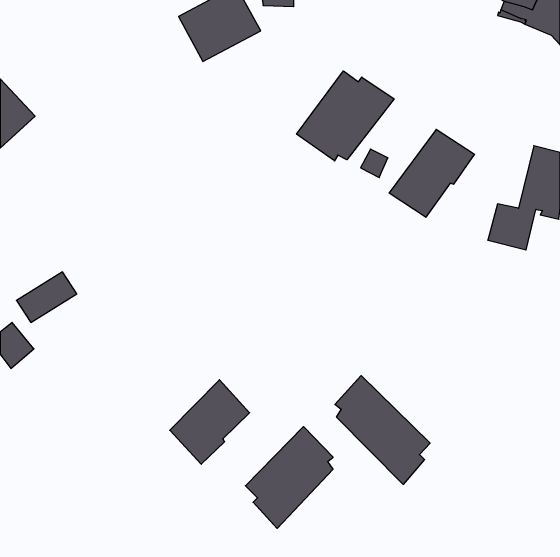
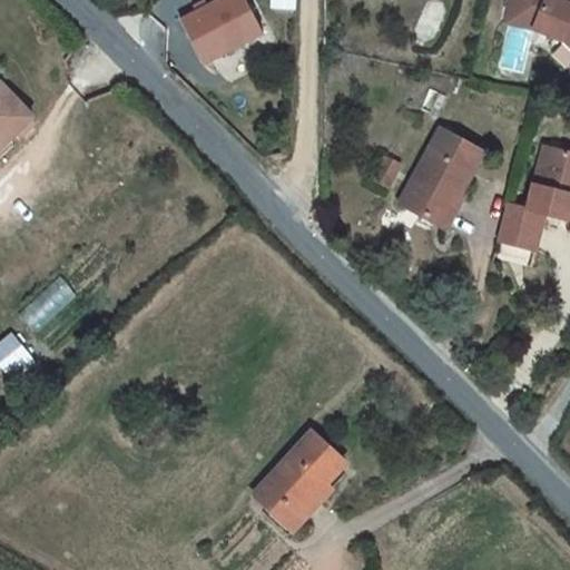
building: [297,71,394,161] -> none
building: [335,376,430,484] -> none
building: [170,380,250,464] -> none

